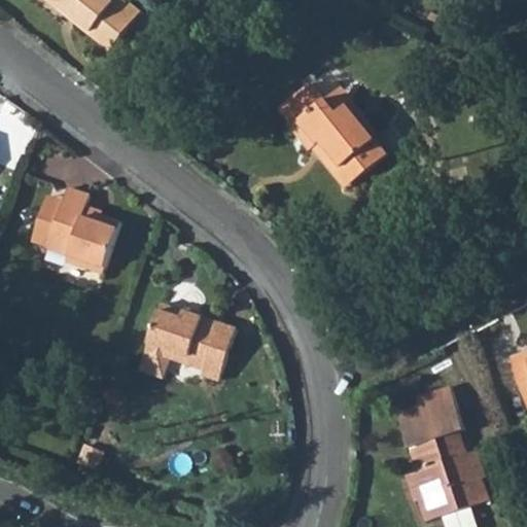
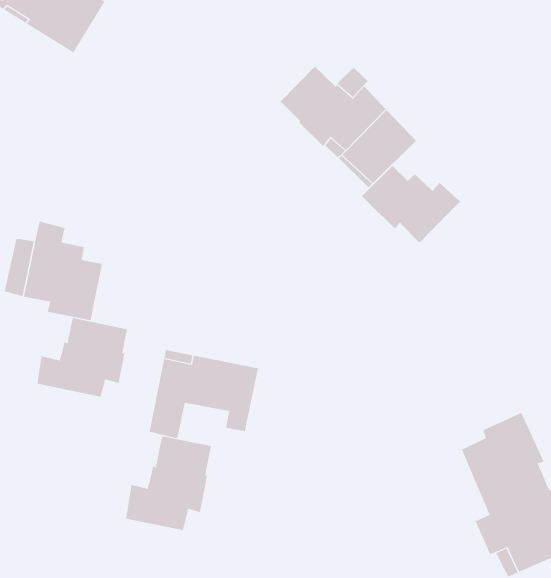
building: none -> [361,165,461,243]
building: none -> [37,317,128,397]
building: none -> [125,435,212,531]

